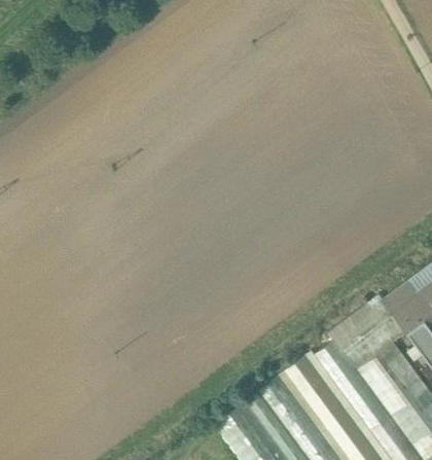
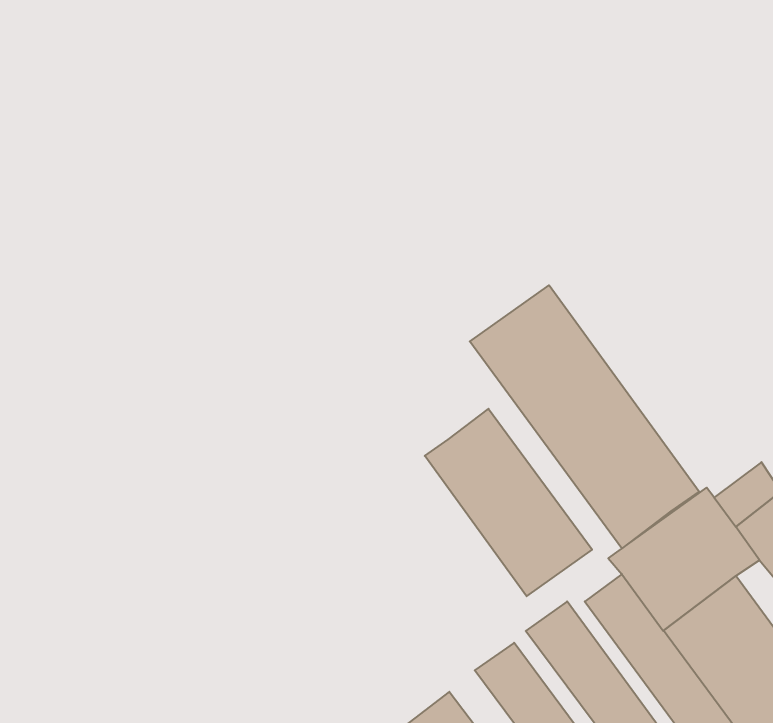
building: none -> [470,285,699,549]
building: none -> [425,409,592,596]

